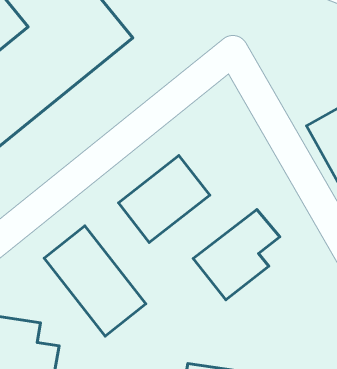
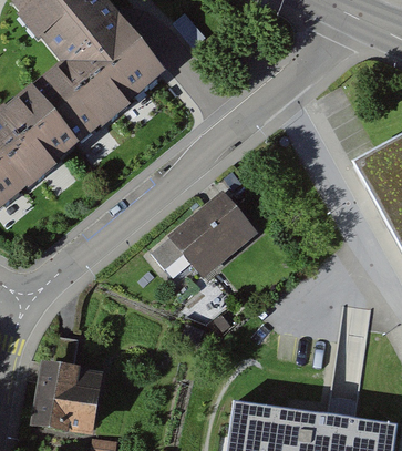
building: [193,210,280,300] -> none
building: [44,226,146,336] -> none

